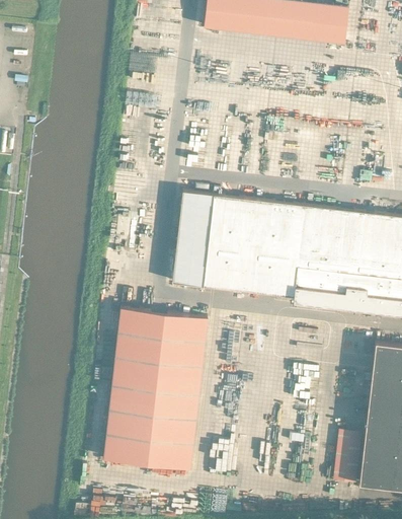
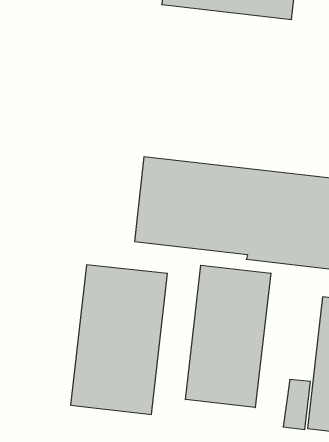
building: none -> [185,265,271,408]

